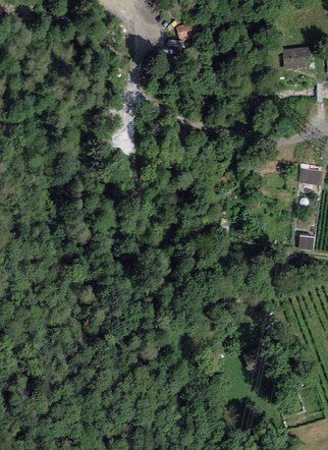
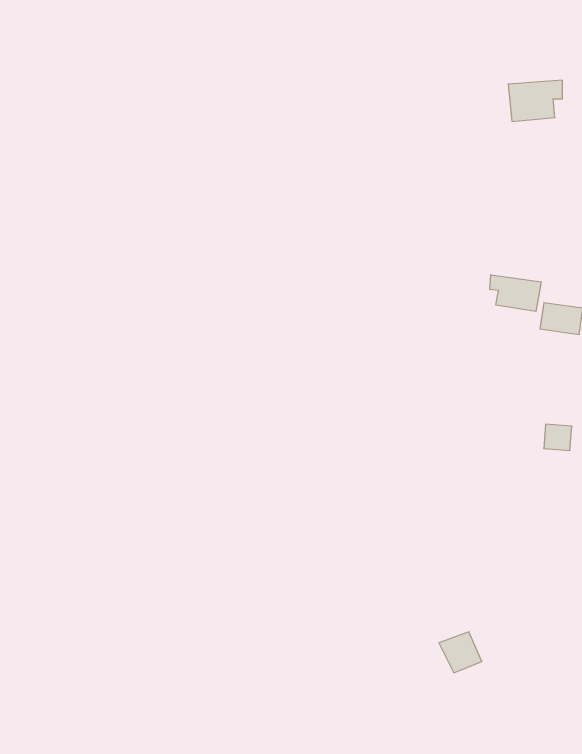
building: none -> [490,275,541,311]

